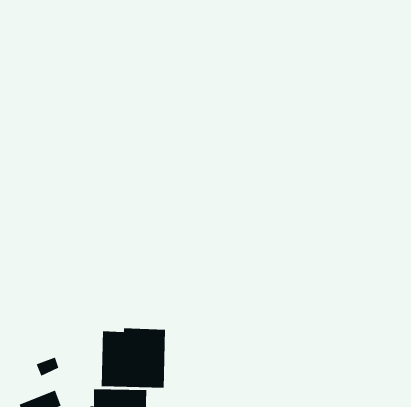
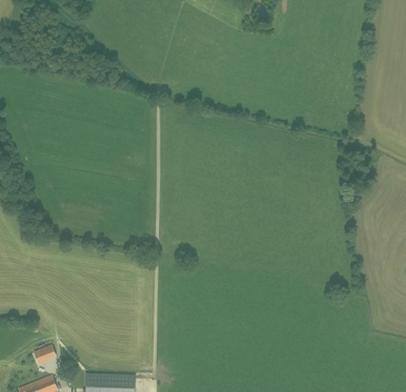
building: [101,328,166,388] -> none

